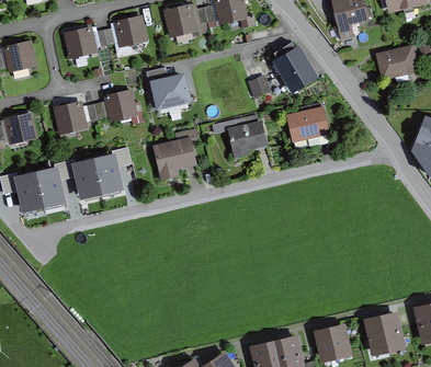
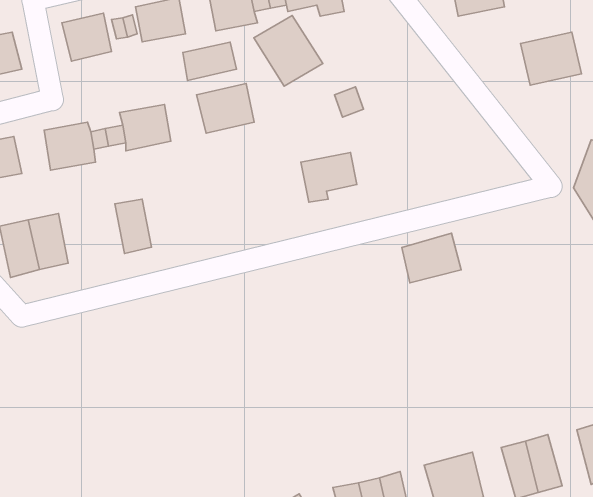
building: [270,45,317,93] -> [254,16,323,86]
building: none -> [183,42,236,80]
building: [286,107,327,141] -> [402,233,461,283]
building: [152,139,194,180] -> none
building: [80,157,106,195] -> none

